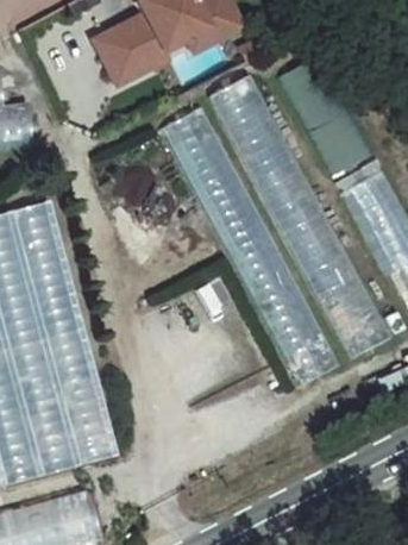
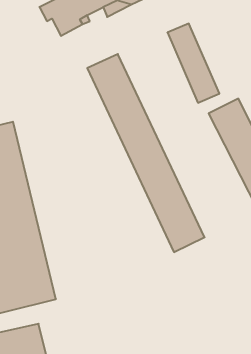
building: [208,71,381,361] -> none

